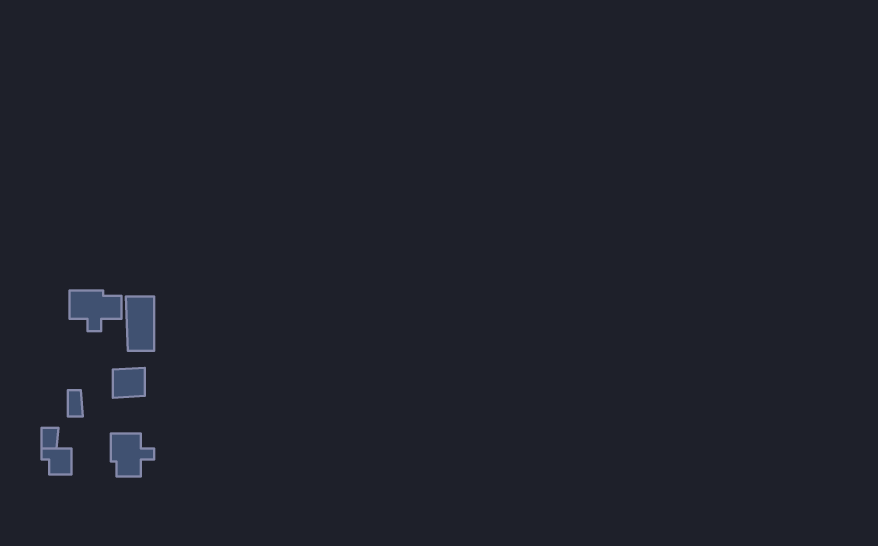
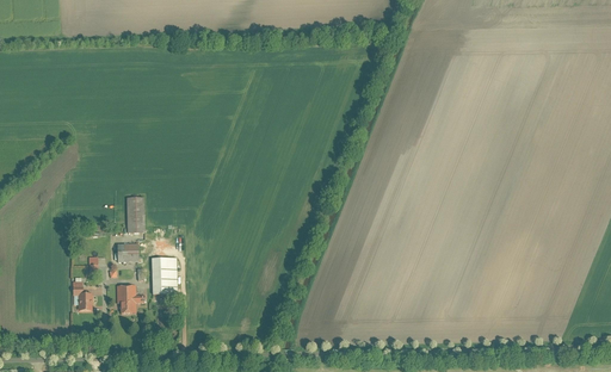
building: [69,291,121,331] -> none
building: none -> [150,258,177,294]

